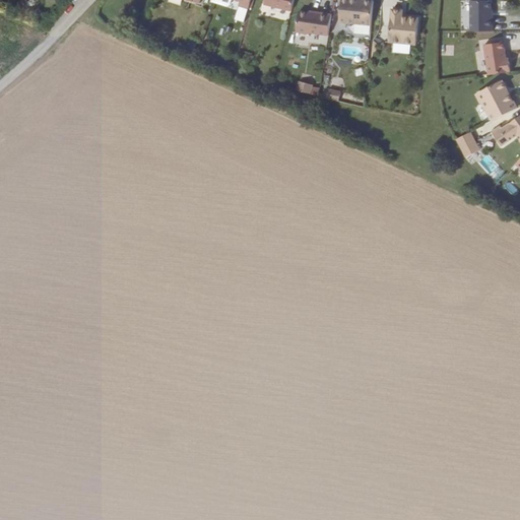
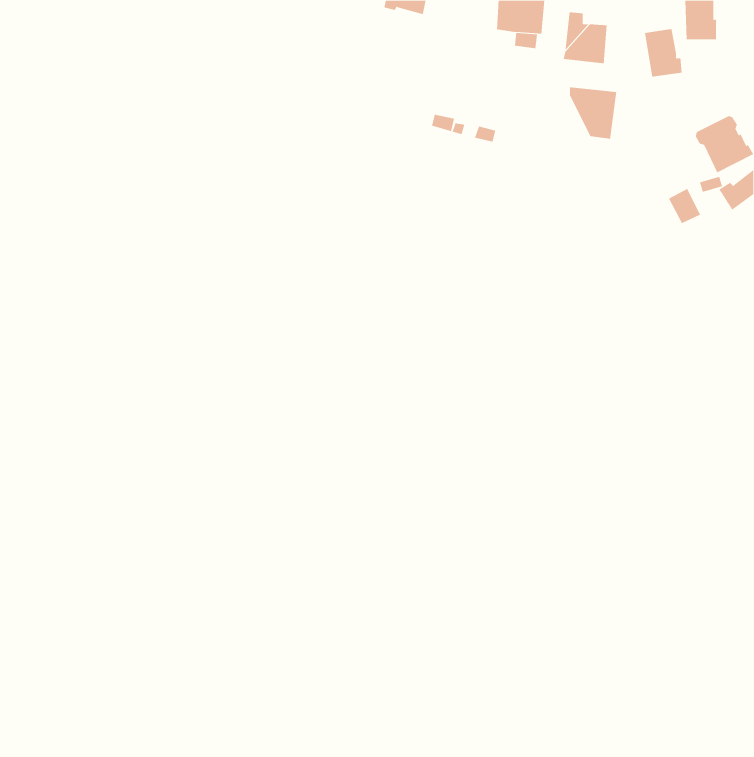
building: [295,10,330,34] -> none
building: [483,39,510,72] -> [644,28,683,77]
building: none -> [569,87,617,139]

